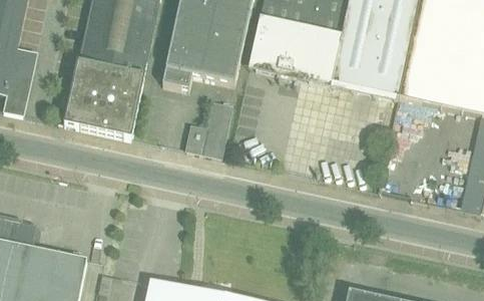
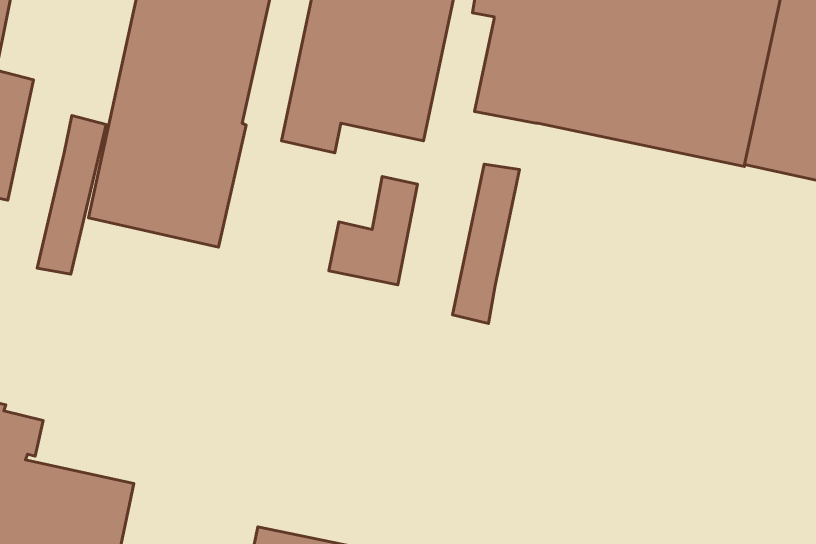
building: none -> [37,115,106,274]
building: none -> [453,164,519,323]

